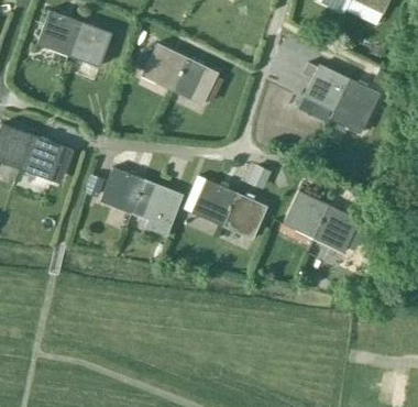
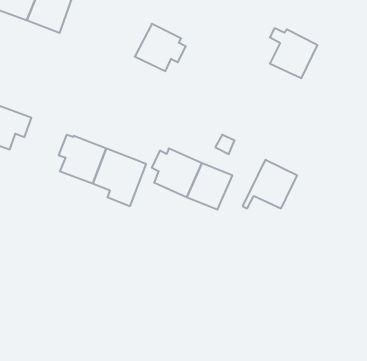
building: [138,43,189,90] -> none
building: [334,79,380,125] -> none
building: [315,206,366,252] -> none

